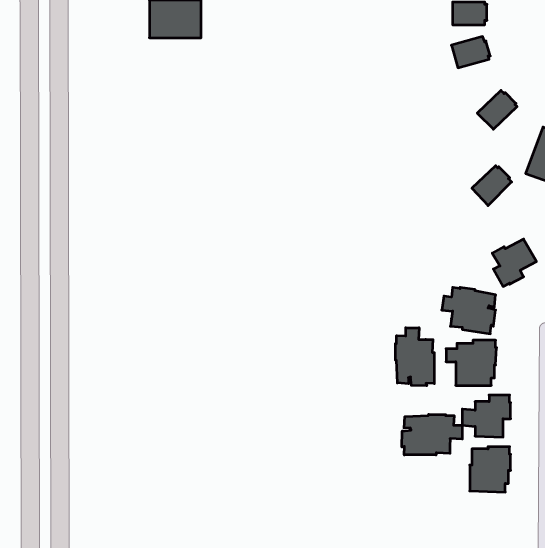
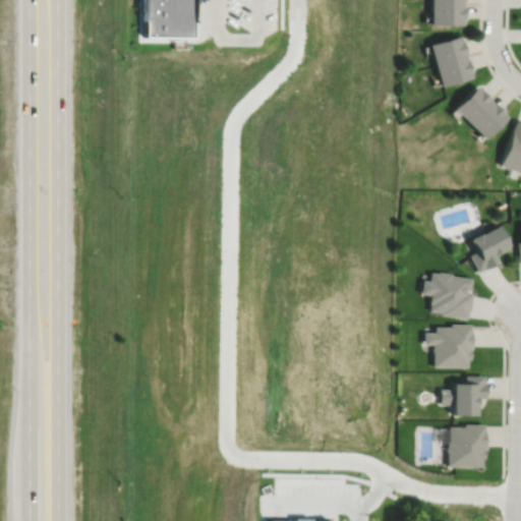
building: none -> [438,58,473,88]
building: [472,166,512,206] -> [471,103,509,140]
building: [395,328,434,386] -> none
building: [402,414,462,455] -> none

